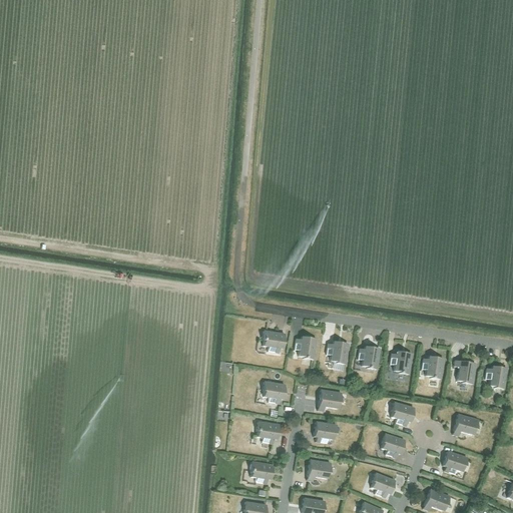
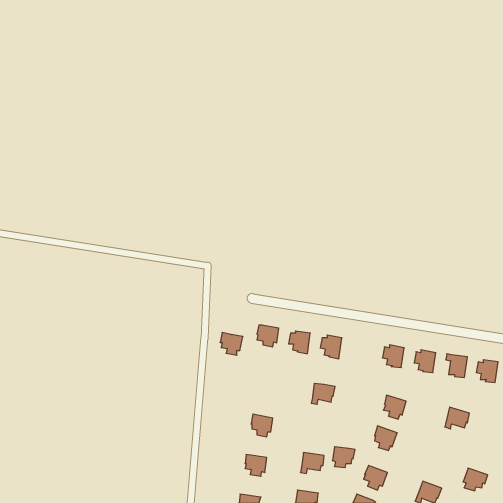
building: [359,345,380,368] -> none
building: [263,380,286,403] -> [220,333,243,355]
building: [314,421,337,442] -> [332,447,355,467]
building: [443,450,468,473] -> [463,468,488,491]

